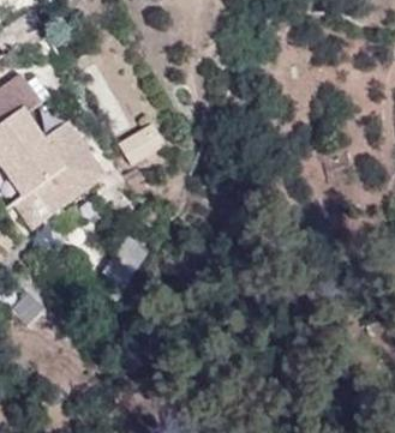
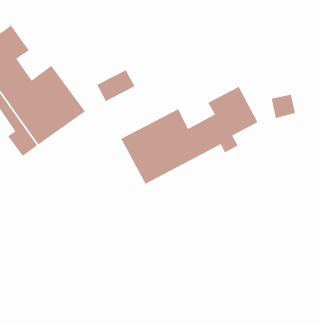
building: none -> [120,86,258,185]

